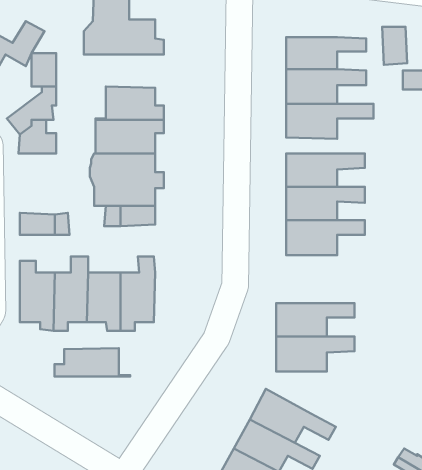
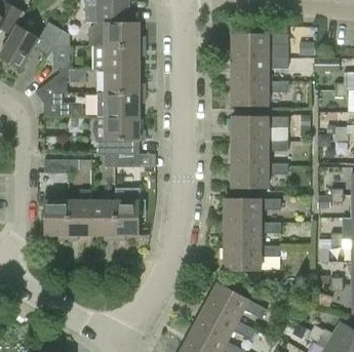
building: none -> [105,46,146,70]
building: none -> [225,198,281,222]
building: [55,348,130,376] -> none

